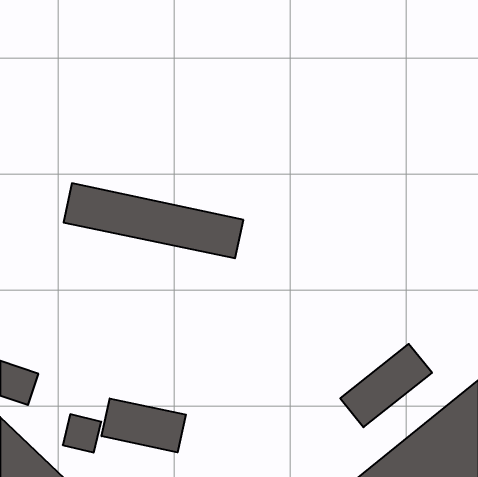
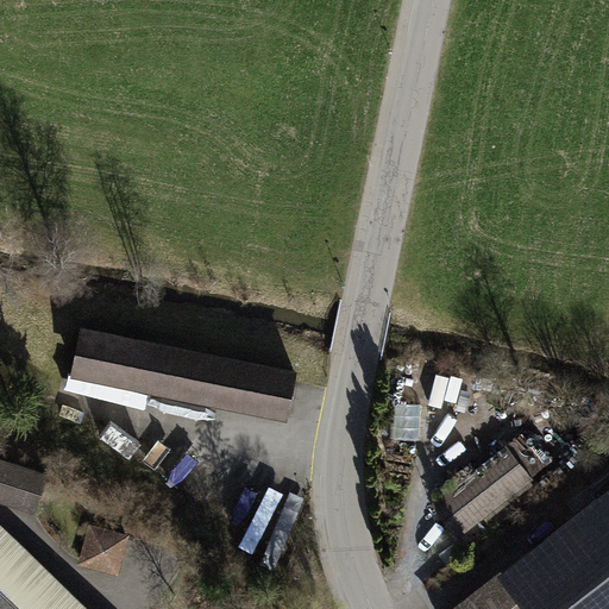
building: [64,183,243,258] -> [68,327,296,422]
building: [102,398,186,452] -> none

